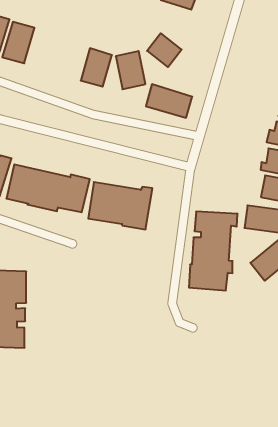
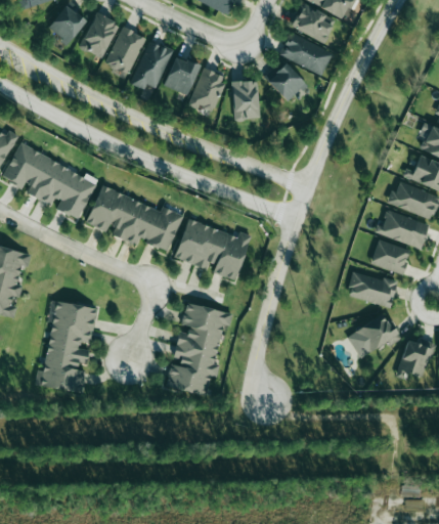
building: none -> [130,40,173,90]
building: none -> [164,56,200,95]
building: [146,84,192,118] -> [279,32,333,75]
building: [189,212,238,290] -> [166,303,232,396]

